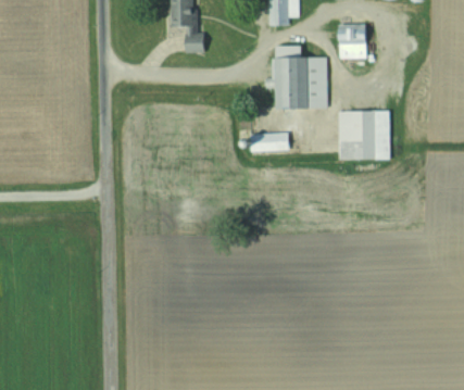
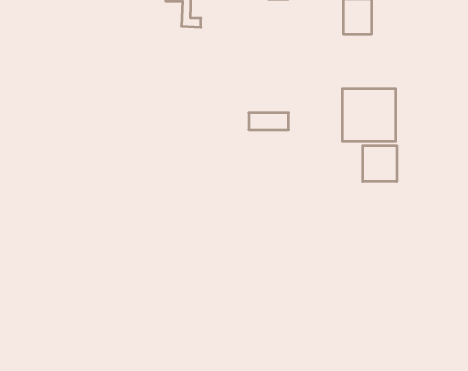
building: [275,47,327,109] -> none
building: none -> [363,146,397,182]

